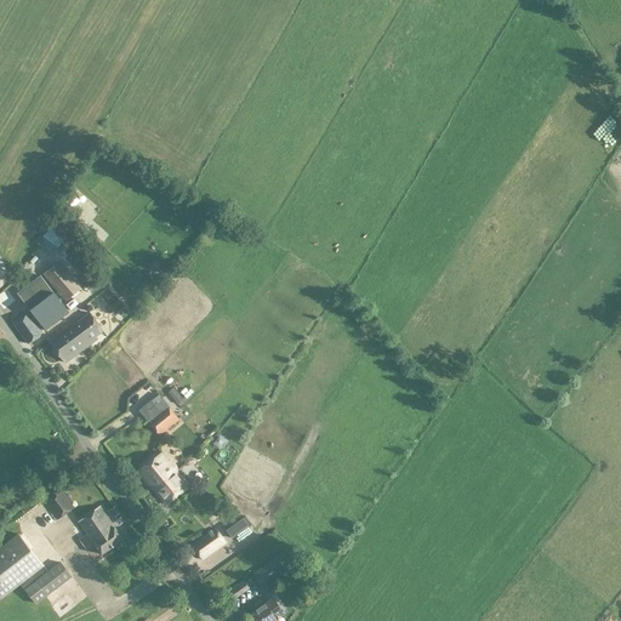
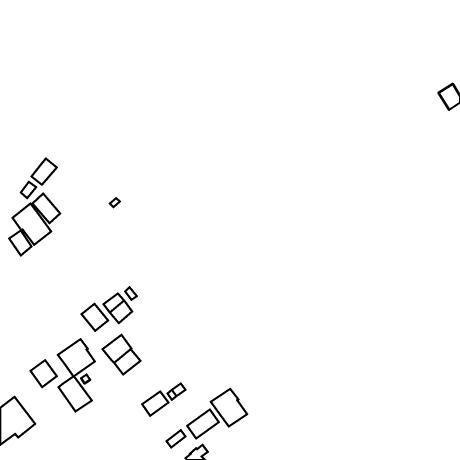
building: [49,313,103,363] -> none
building: none -> [81,304,108,331]
building: none -> [58,339,95,376]
building: none -> [211,389,247,427]
building: [24,562,73,605] -> none

